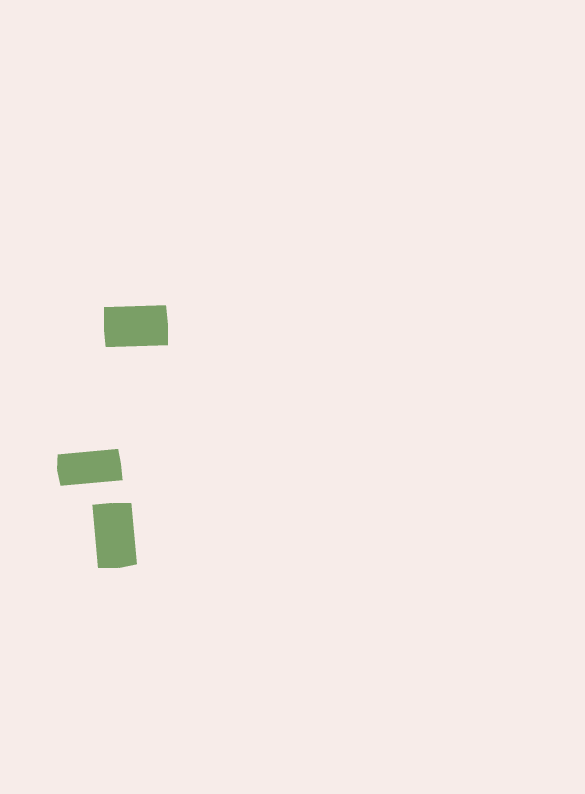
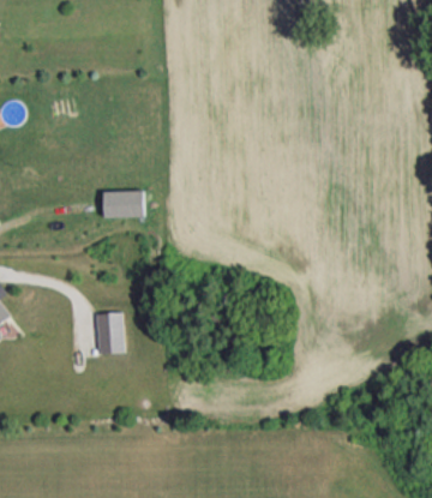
building: [57,448,123,487] -> none

